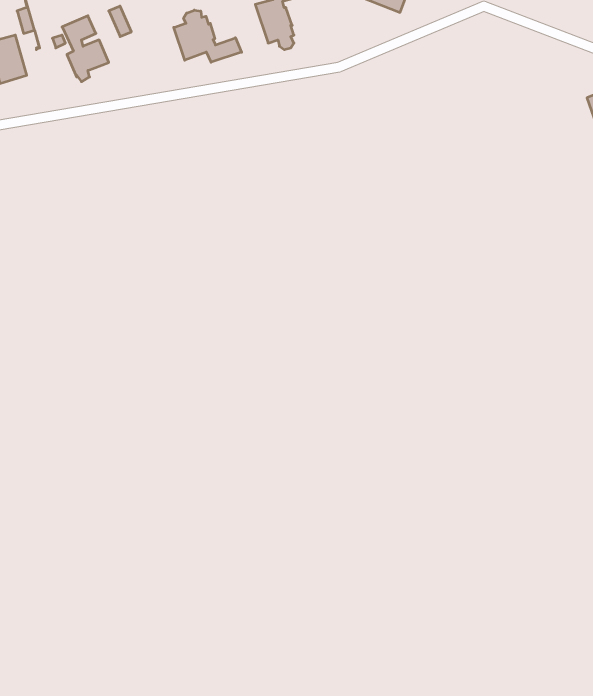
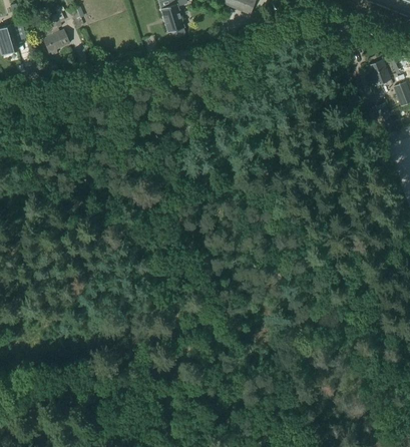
building: [174,10,242,62] -> none

